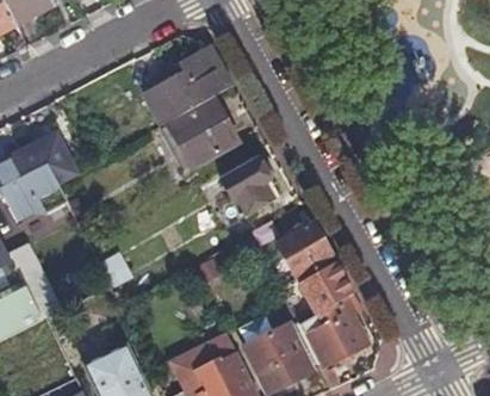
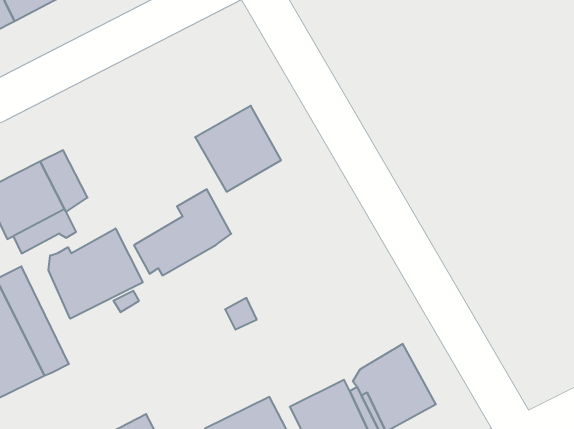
building: [145,49,227,120] -> [134,189,231,275]
building: [222,157,274,215] -> none
building: none -> [49,228,143,319]
building: [268,223,323,276] -> none
building: [281,262,340,315] -> none

